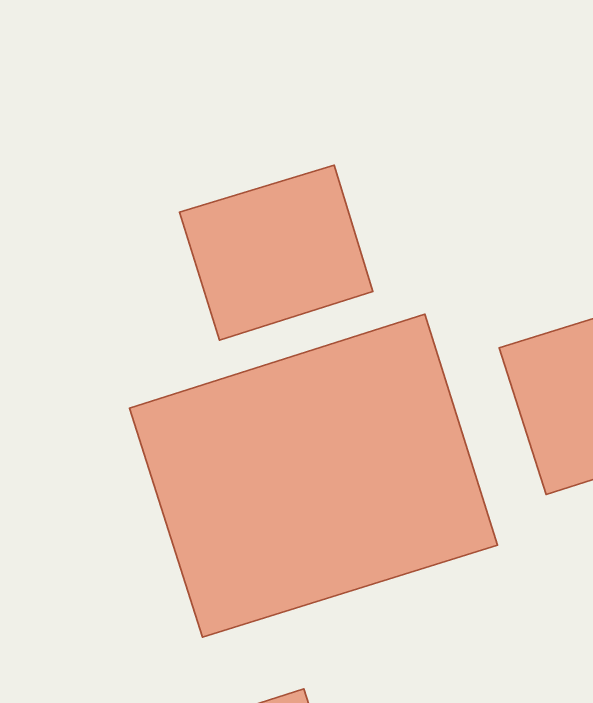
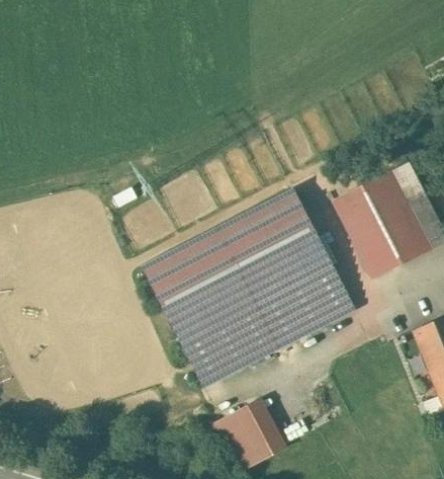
building: [179,165,373,340] -> none

